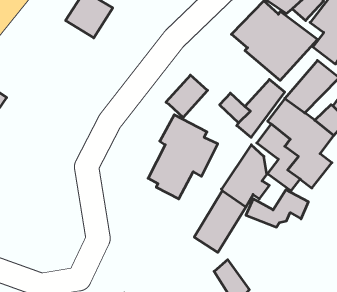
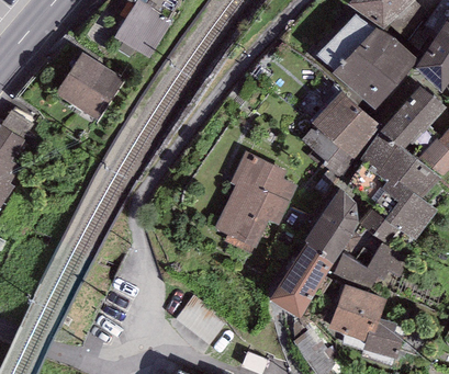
building: none -> [55,50,125,121]
building: [166,75,208,118] -> [311,89,361,140]
building: none -> [328,283,404,358]

